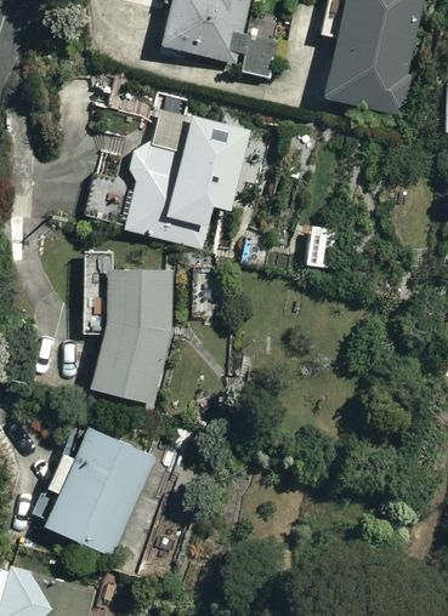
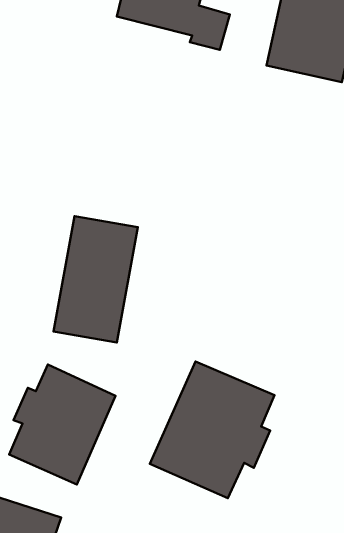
building: [87,110,255,246] -> none
building: none -> [150,362,275,498]

